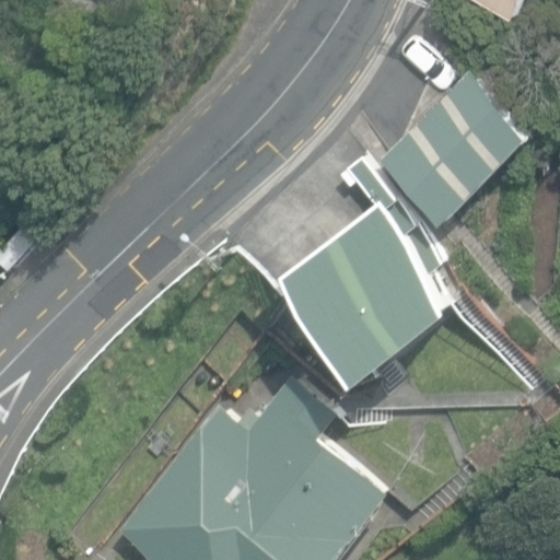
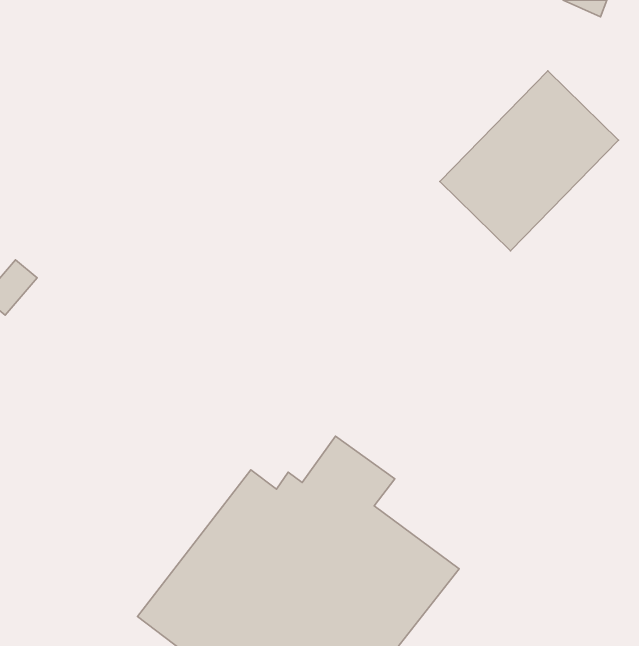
building: [285,162,460,378] -> none

